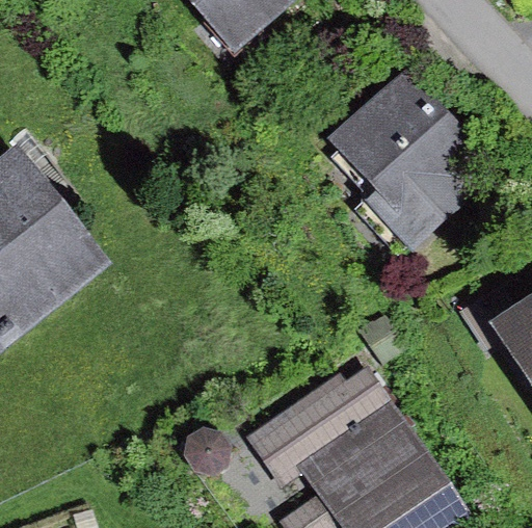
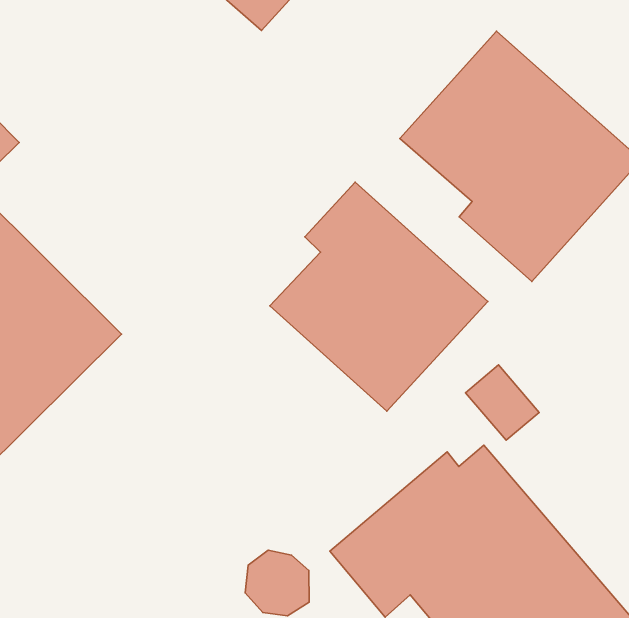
building: none -> [270,182,488,411]

